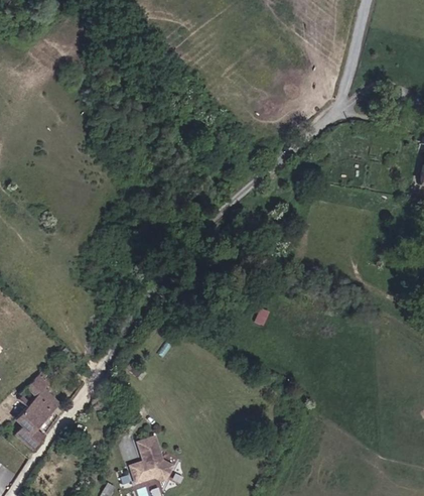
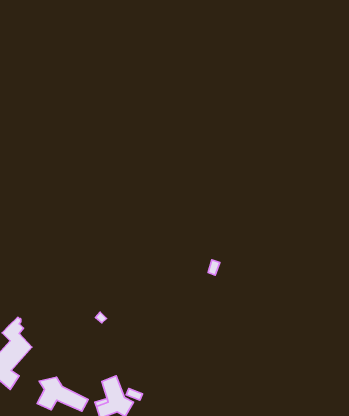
building: none -> [37,377,88,411]

